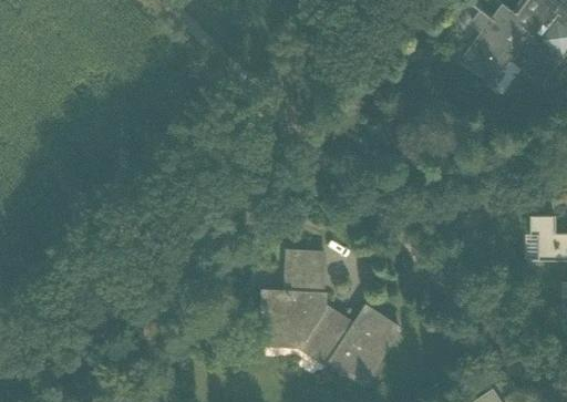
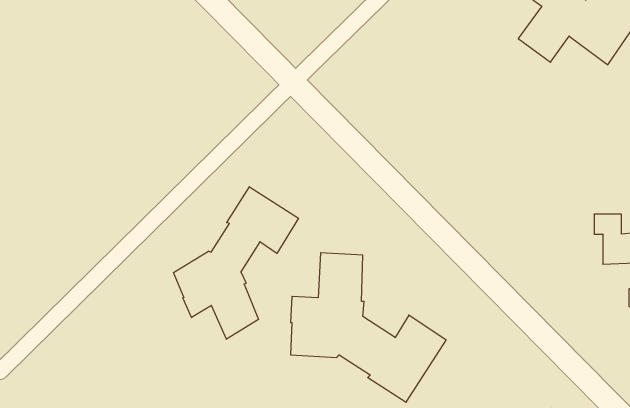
building: none -> [174,187,299,339]

